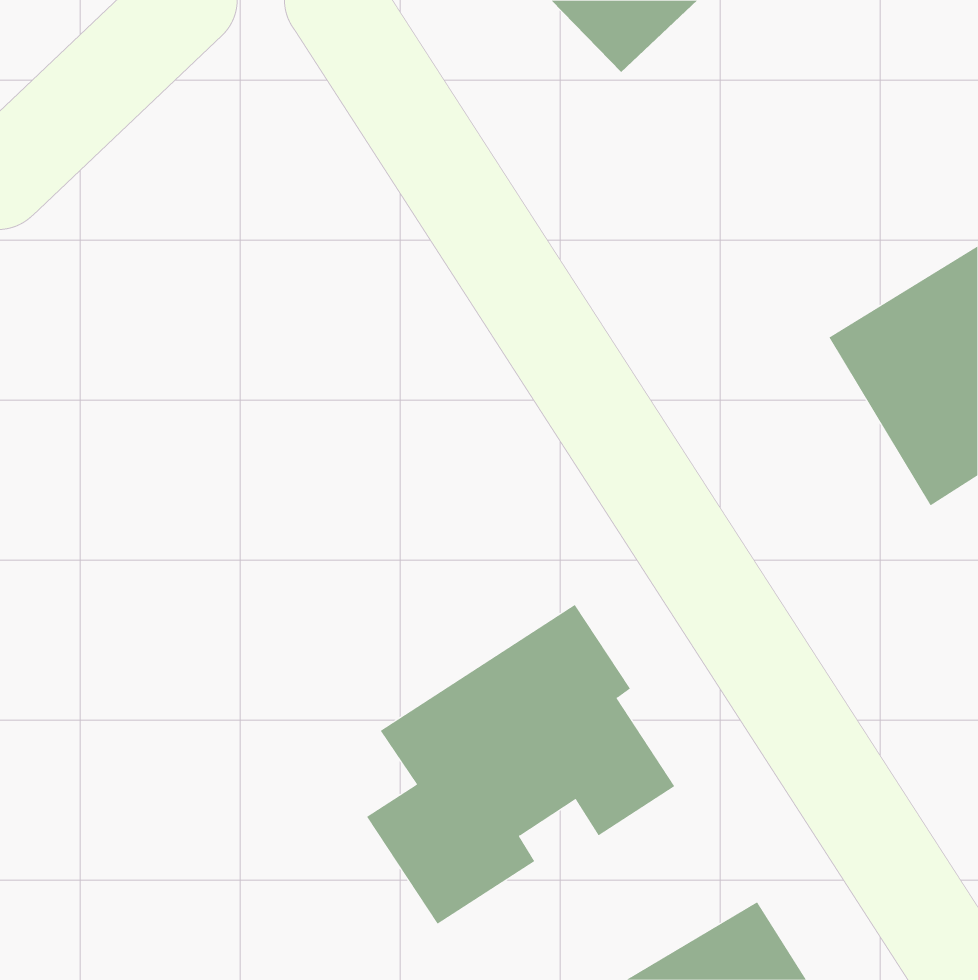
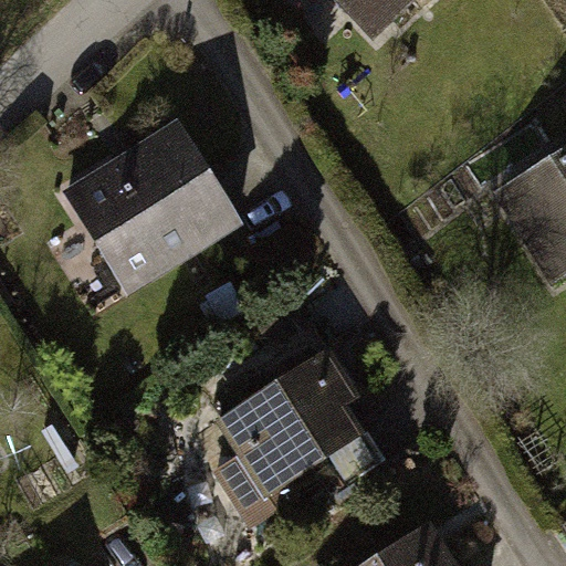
building: none -> [67,119,243,291]

